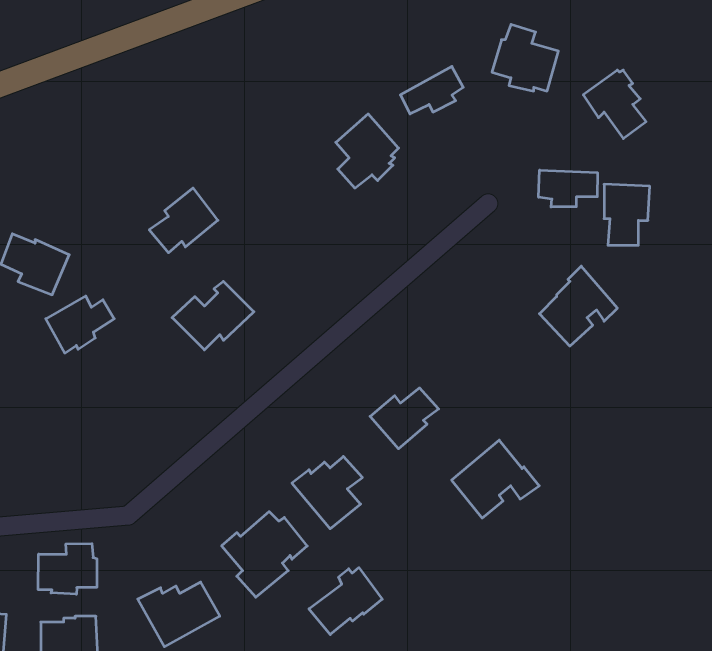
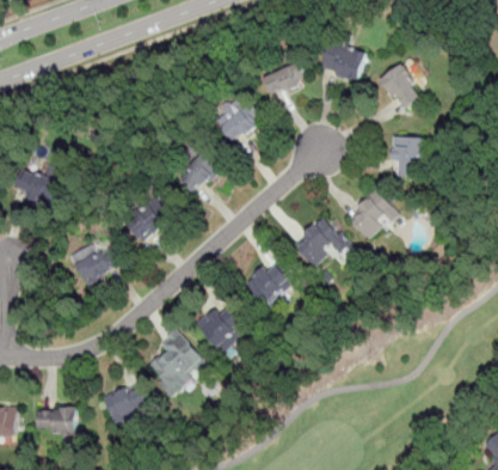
building: [539,170,597,207] -> none
building: [149,188,218,253] -> [177,149,220,190]
building: [46,296,114,353] -> [74,249,117,285]
building: [452,440,539,518] -> [293,216,348,265]
building: [38,544,97,594] -> none
building: [309,568,382,635] -> none

